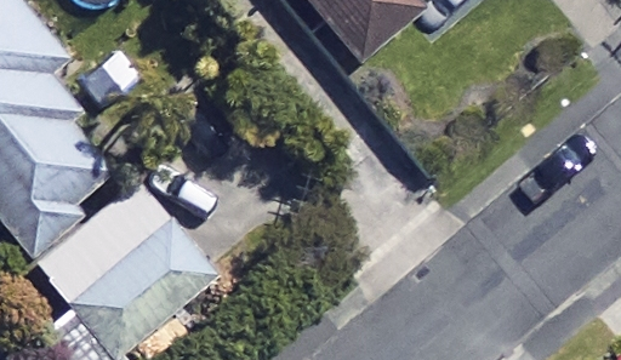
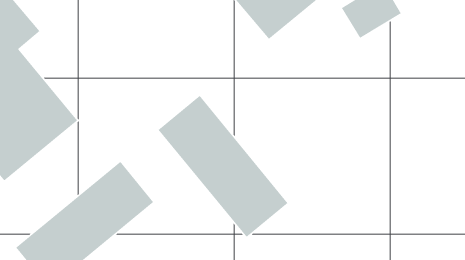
building: none -> [158,95,289,238]

